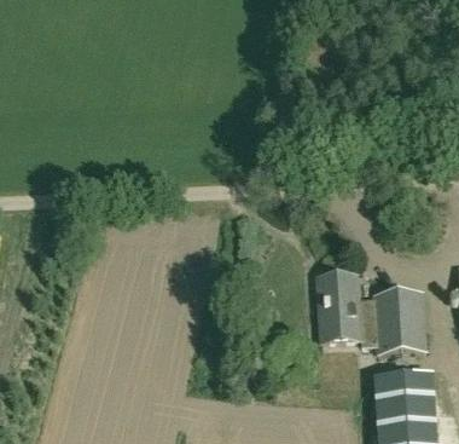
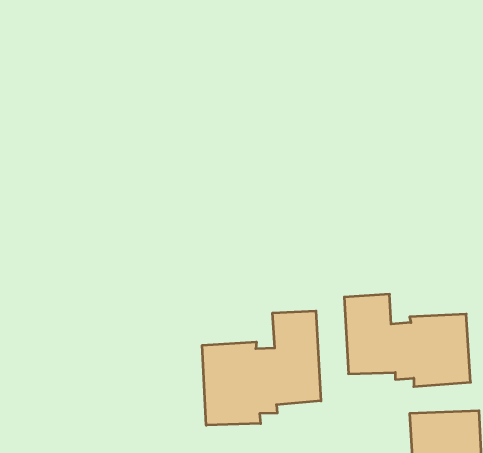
building: none -> [202,311,321,425]

